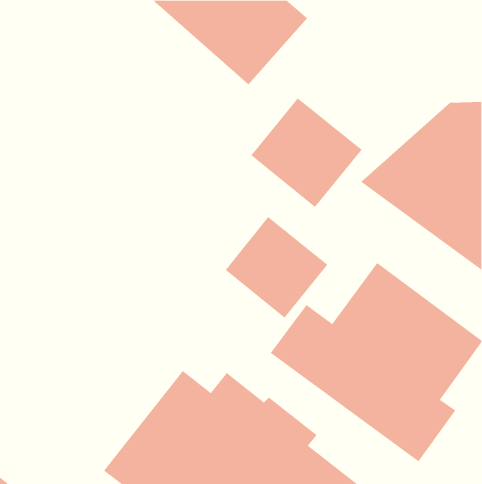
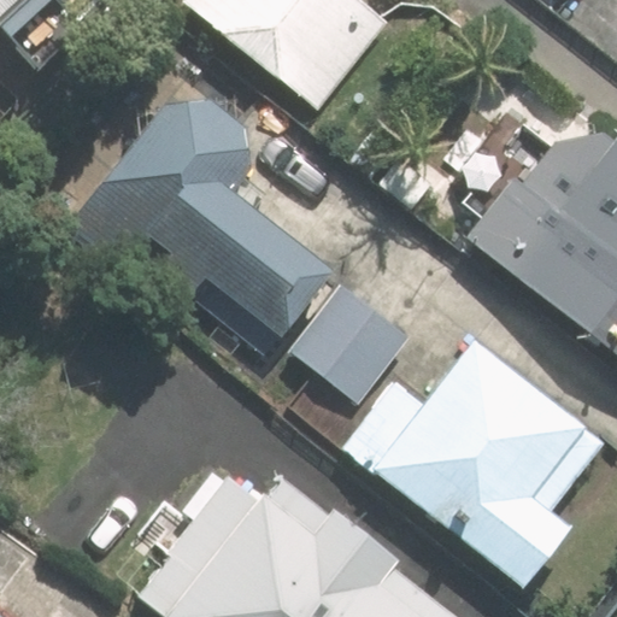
building: none -> [96,82,334,335]
building: [250,97,362,208] -> none

